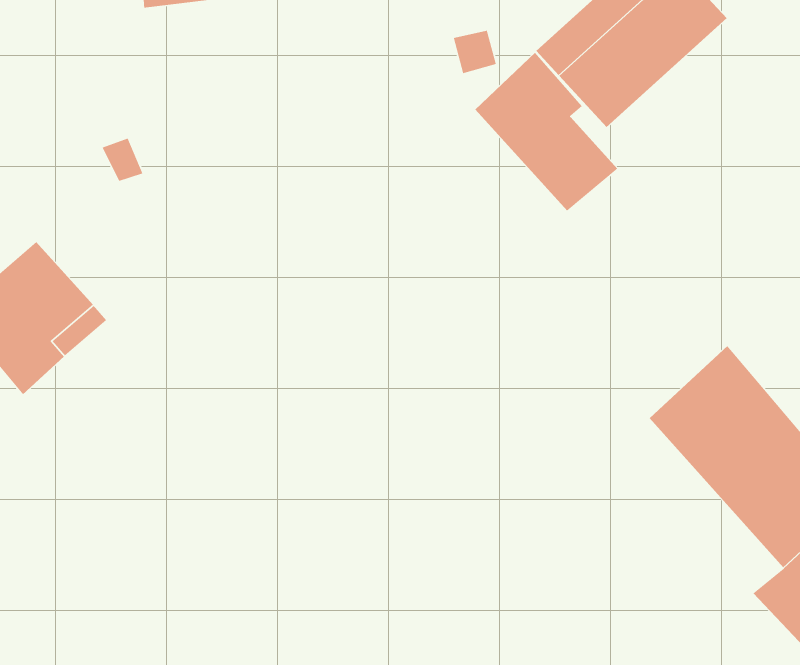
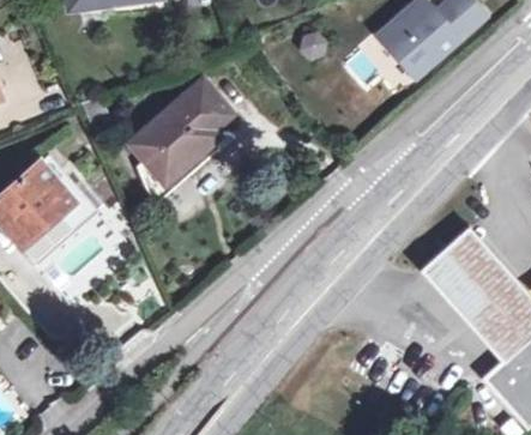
building: [475,52,618,211] -> none
building: none -> [129,73,241,199]

